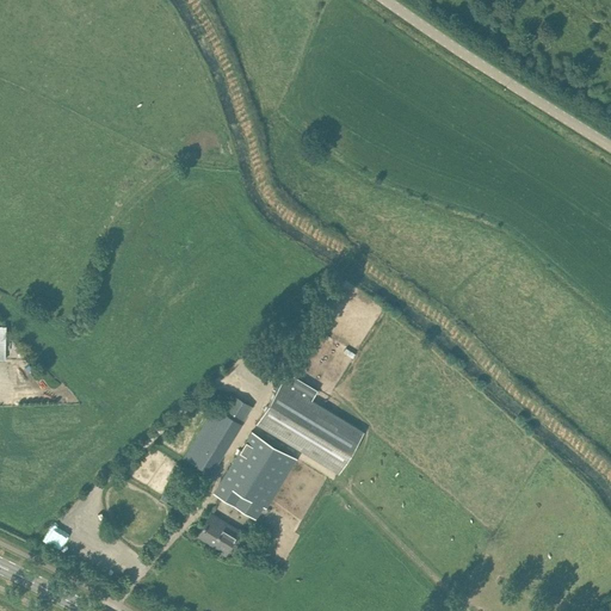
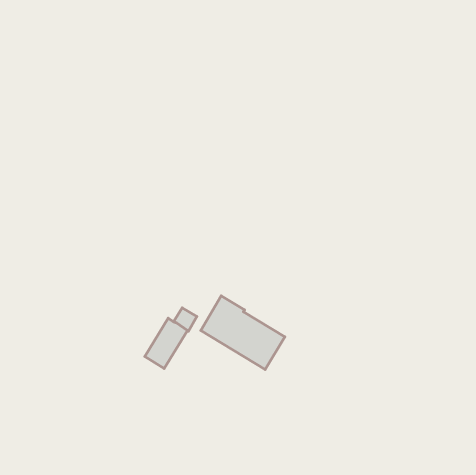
building: [222,433,292,512] -> none
building: [199,516,240,555] -> none

